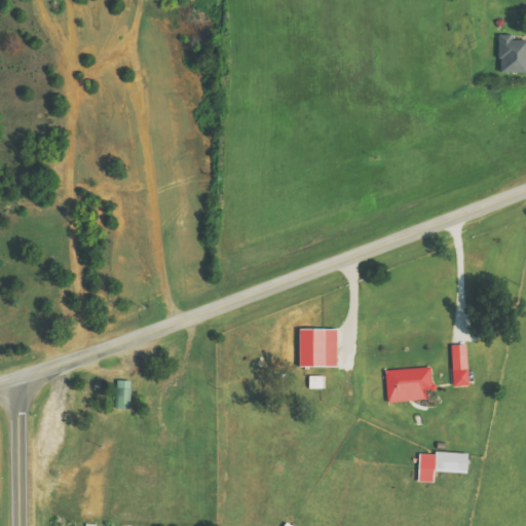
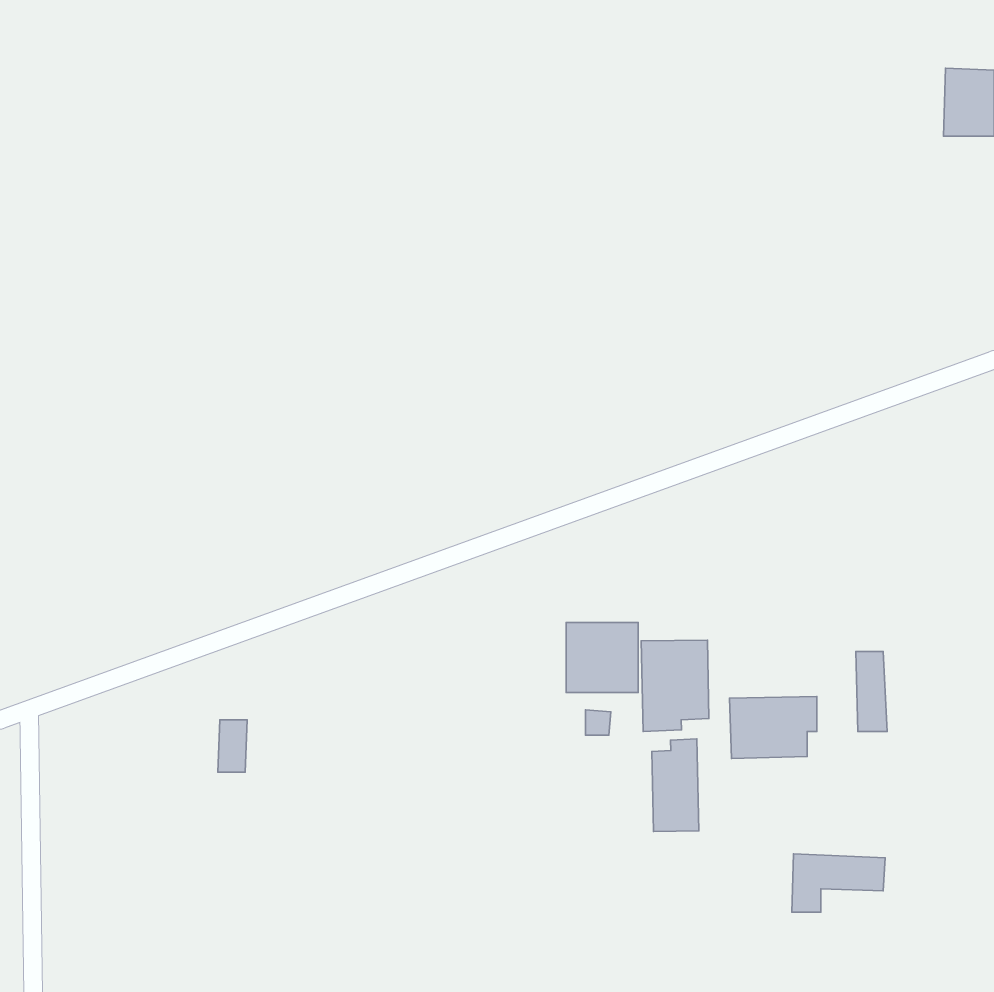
building: none -> [641,640,709,731]
building: none -> [652,739,699,831]

